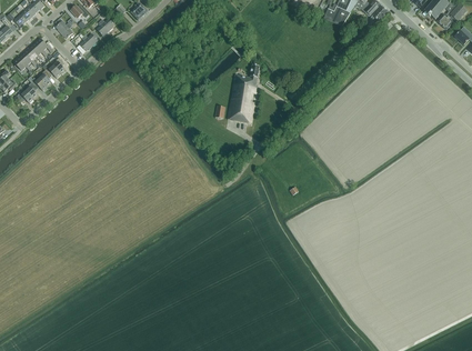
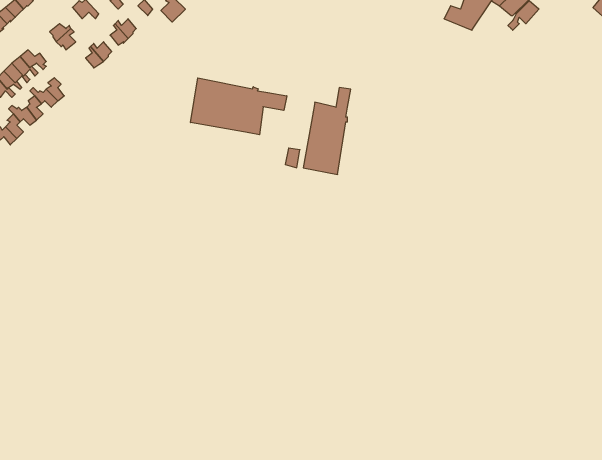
building: none -> [191,78,287,135]

